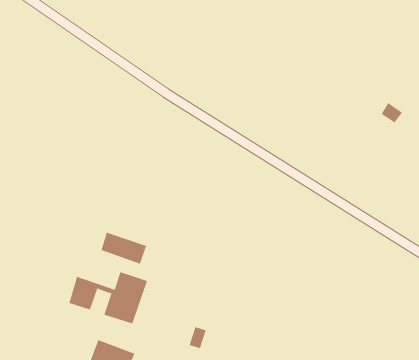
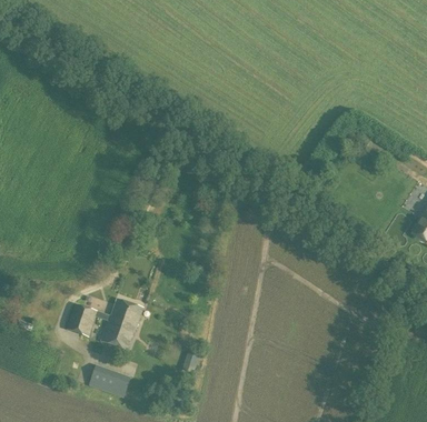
building: [101,232,147,265] -> none

